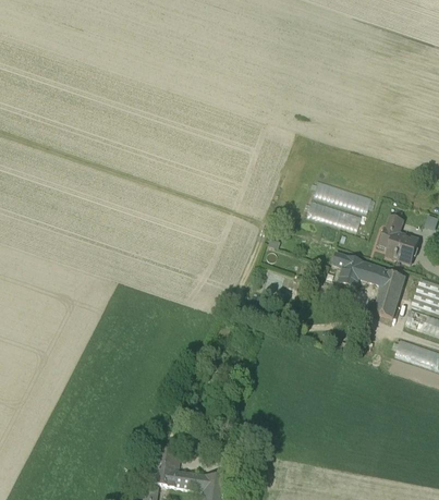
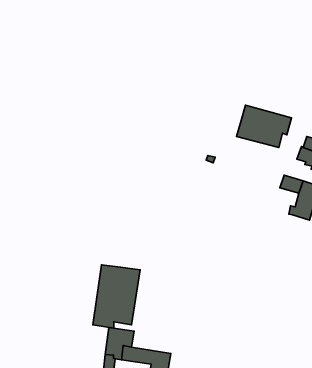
building: [332,253,364,286] -> none
building: none -> [93,265,140,328]

